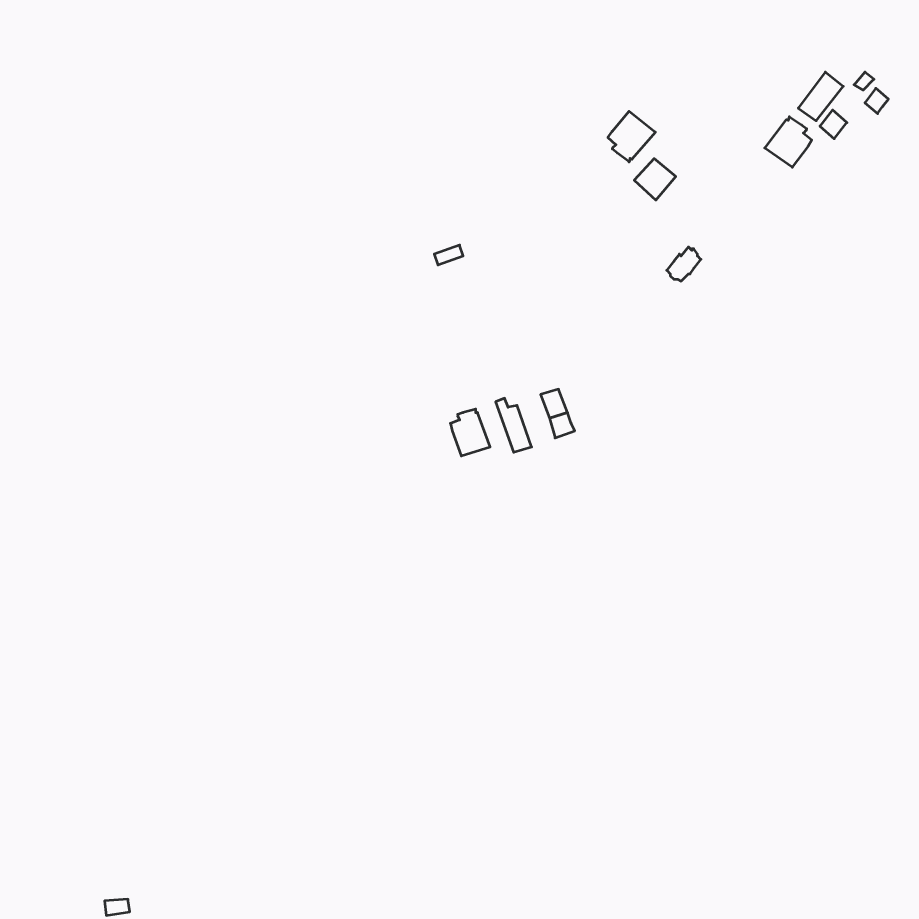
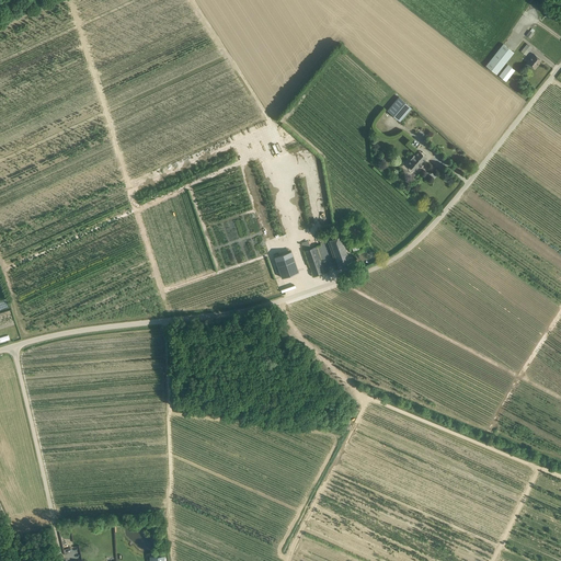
building: [608,111,655,162] -> none
building: [765,117,812,167] -> none

